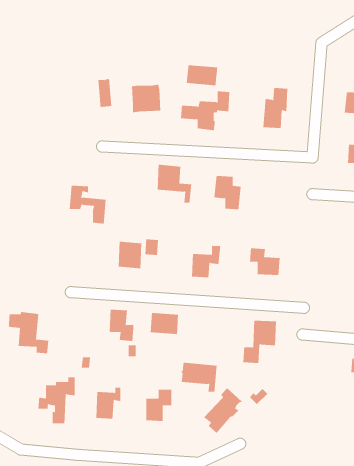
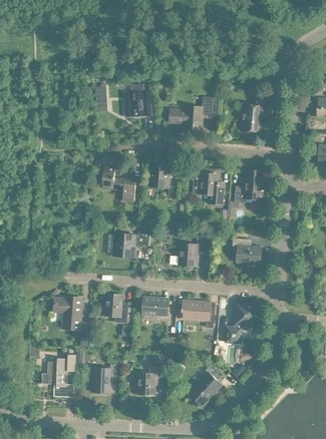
building: [186,64,218,86] -> none
building: none -> [234,170,263,203]
building: [69,185,107,224] -> [101,166,135,201]
building: [8,311,49,354] -> [53,297,90,335]
building: [181,362,217,392] -> [181,301,214,328]

